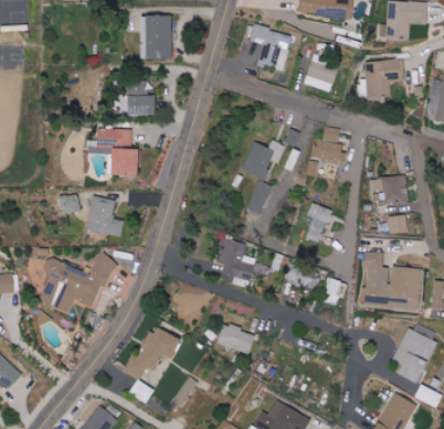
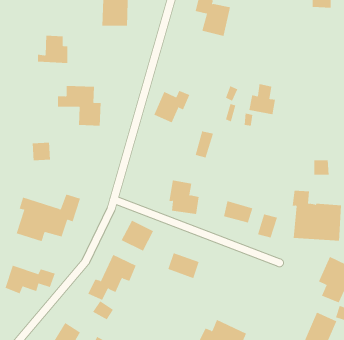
building: [305,54,336,90] -> none
building: [364,58,403,97] -> none
building: [119,82,156,115] -> [37,35,68,64]
building: [241,140,284,179] -> [153,90,190,123]
building: [370,176,406,202] -> none
building: [86,195,124,236] -> none
building: [305,202,331,243] -> none
building: none -> [121,220,154,251]
building: none -> [5,265,55,294]

